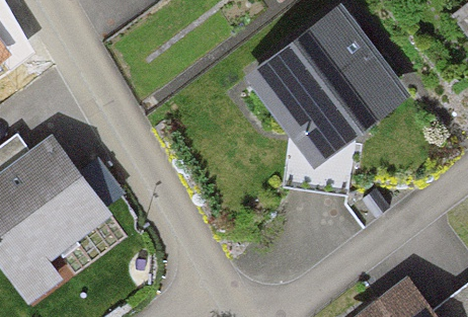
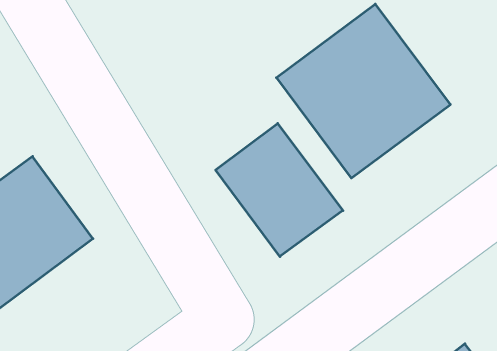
building: none -> [216,123,343,257]

